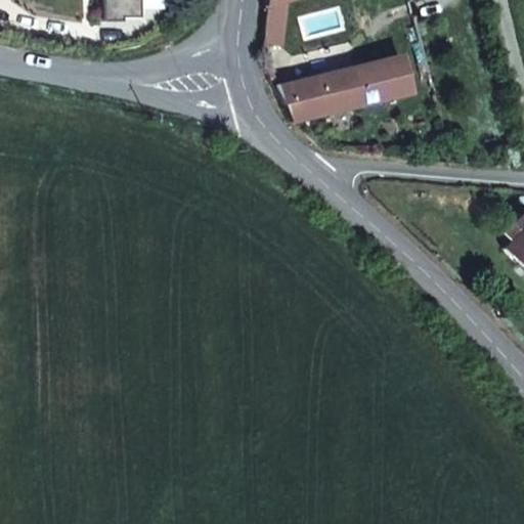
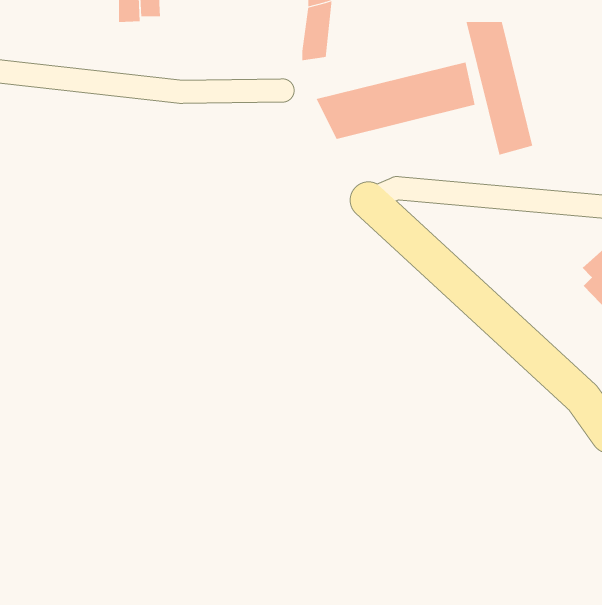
building: none -> [466,21,533,156]

